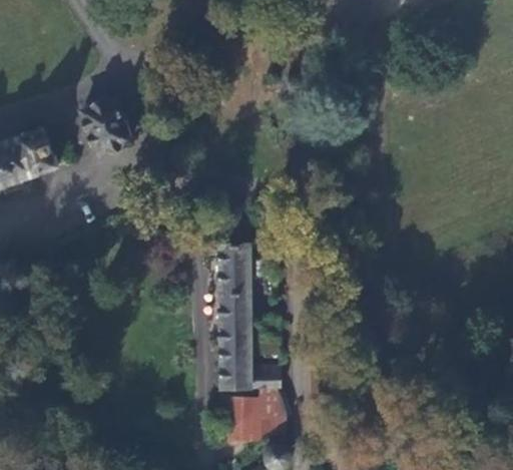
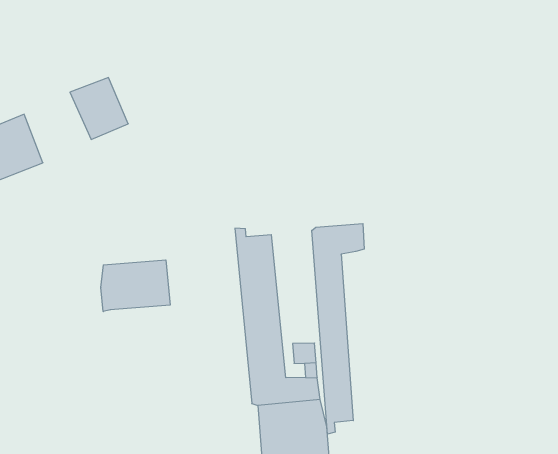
building: none -> [312,224,364,434]
building: none -> [101,260,170,312]

